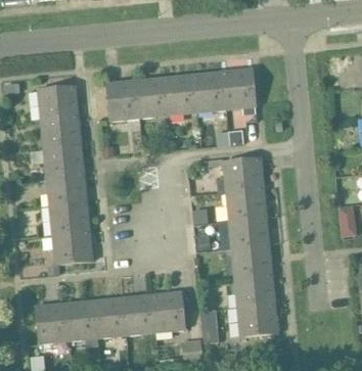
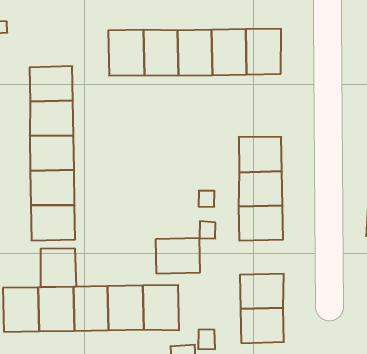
building: [38,85,77,119] -> none
building: [230,244,270,277] -> [156,238,200,273]
building: none -> [41,248,76,287]

